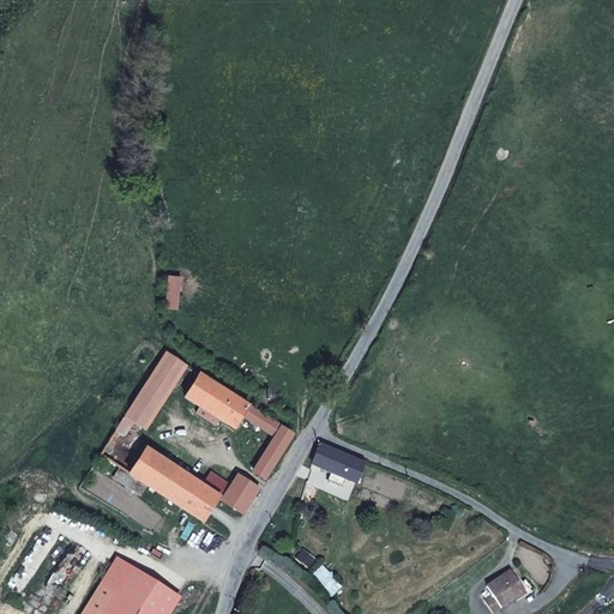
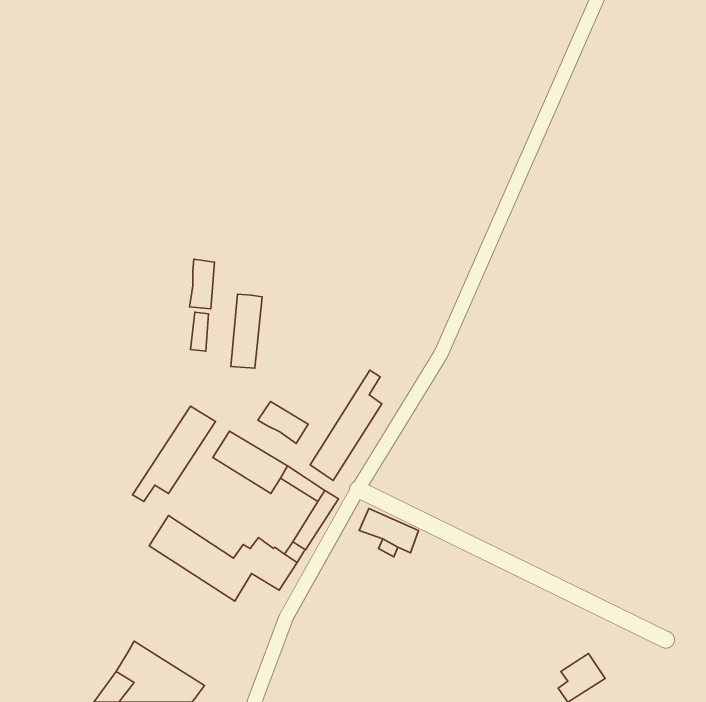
building: none -> [190,259,215,309]
building: none -> [231,294,262,368]
building: none -> [310,370,382,481]
building: none -> [258,401,308,444]

